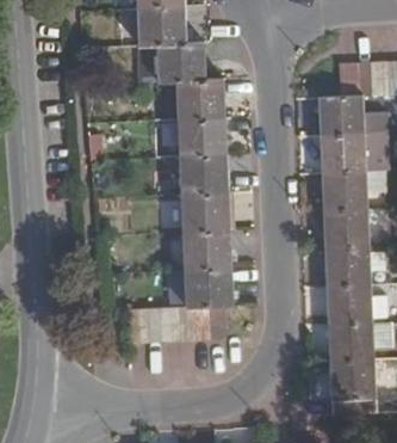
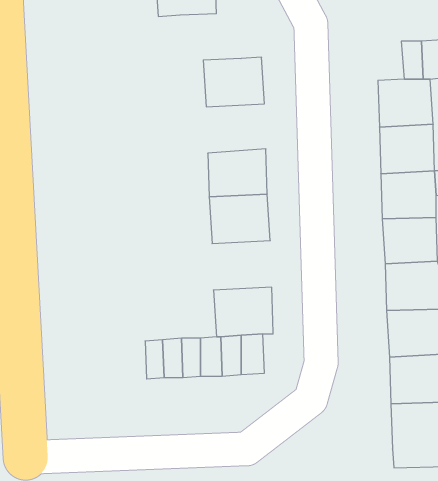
building: [155,42,205,82] -> none
building: [176,117,225,158] -> none
building: [181,229,230,270] -> none

